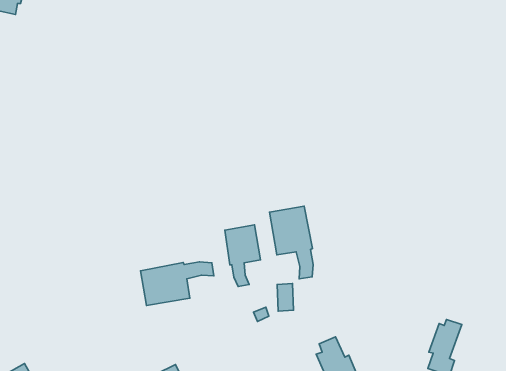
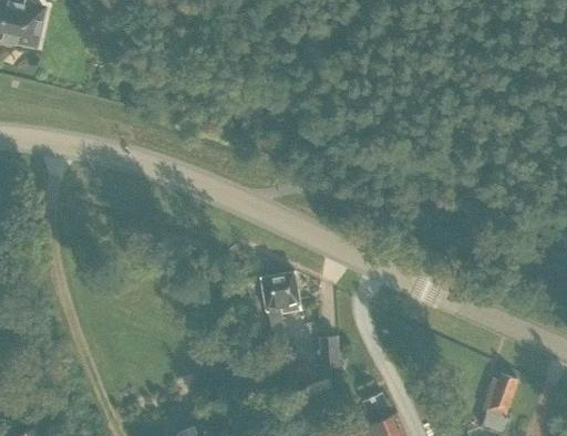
building: [270,206,313,279] -> none
building: [140,262,214,305] -> none

